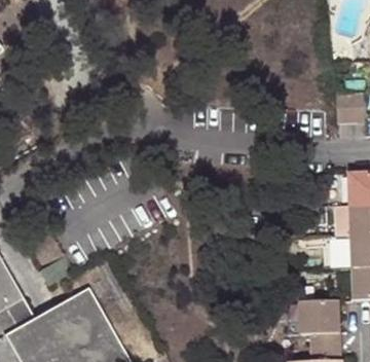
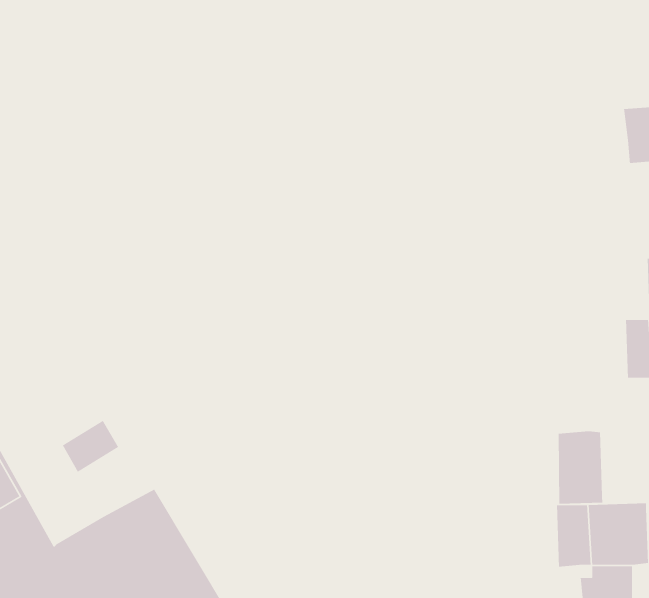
building: none -> [558,431,603,504]

